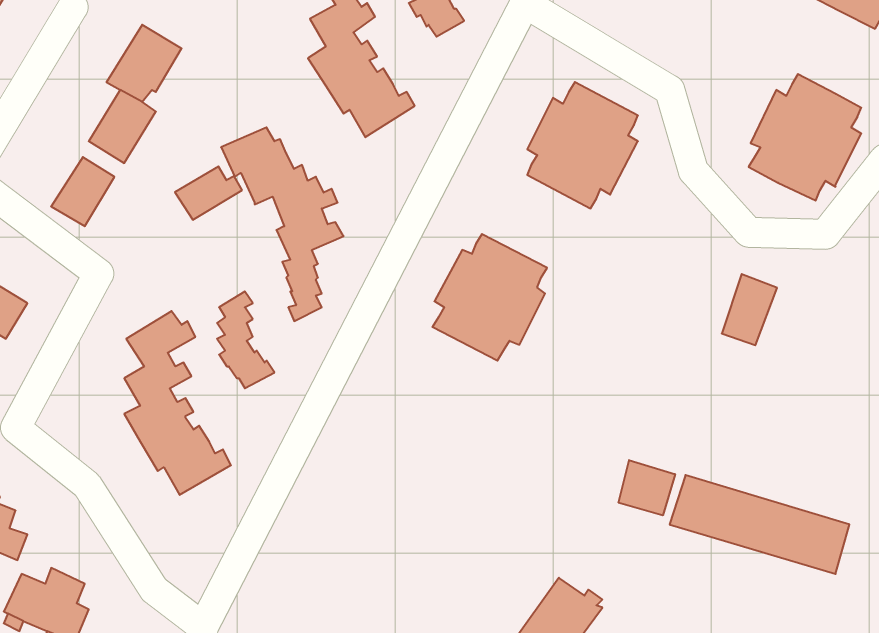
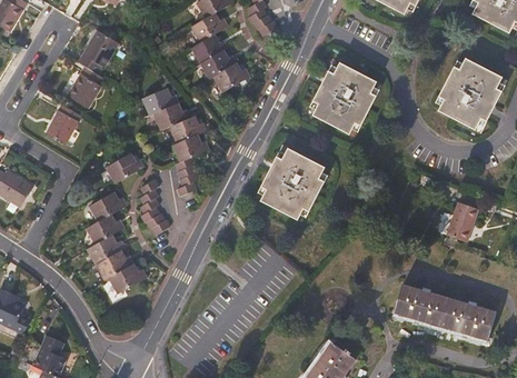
building: [175,166,242,220] -> [106,153,143,183]
building: [722,274,777,345] -> [447,201,478,241]
building: [619,460,675,515] -> none

